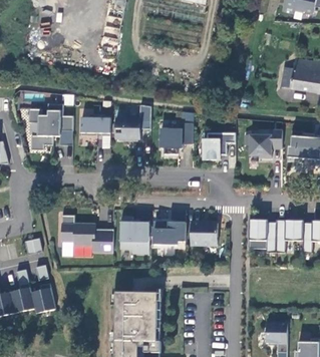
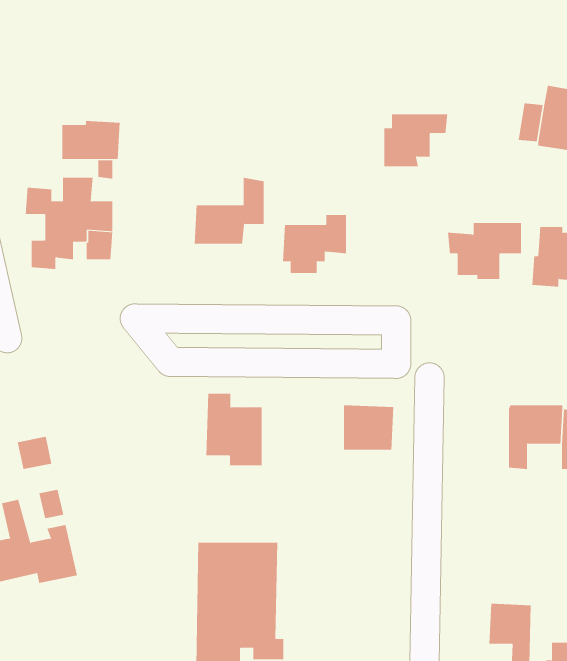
building: [80,115,110,135] -> [62,120,120,160]
building: [203,132,236,159] -> [383,114,448,167]
building: [62,215,113,252] -> none
building: [153,219,186,244] -> none
building: [248,221,275,253] -> none

